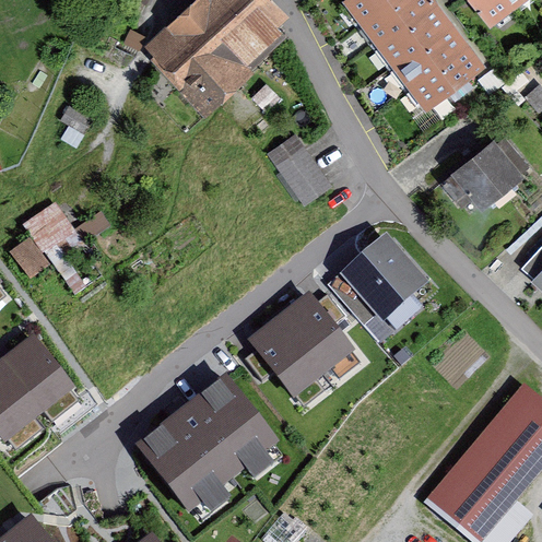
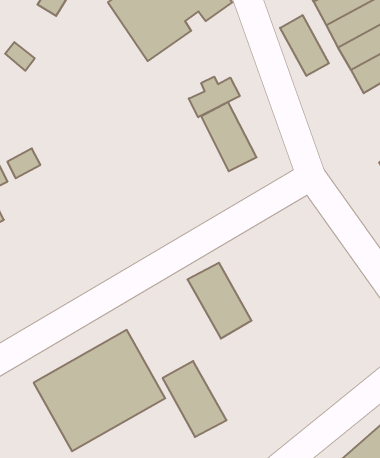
building: none -> [280,15,329,76]
building: none -> [189,77,240,117]
building: [327,241,422,329] -> none
building: [250,318,321,394] -> [163,361,227,437]

